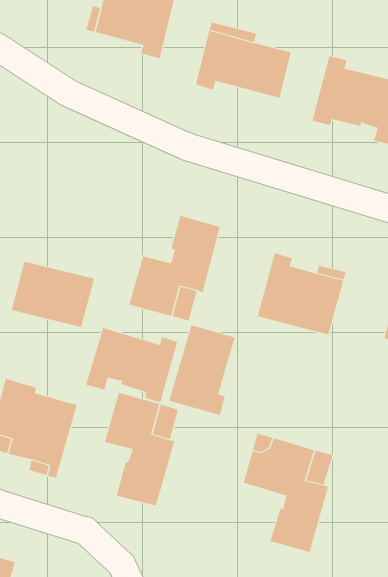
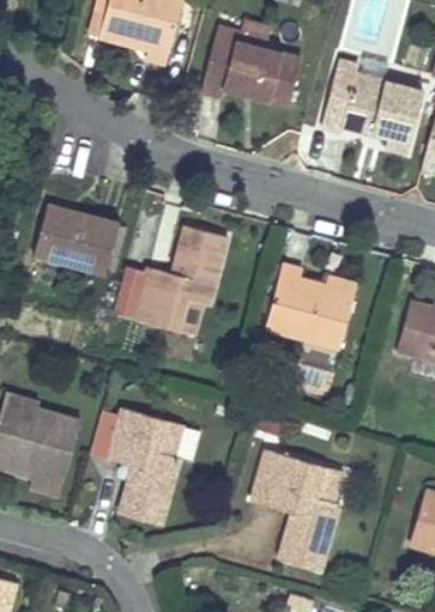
building: [11,261,95,328] -> [32,205,119,273]
building: [168,325,235,416] -> none
building: [85,327,178,403] -> none

